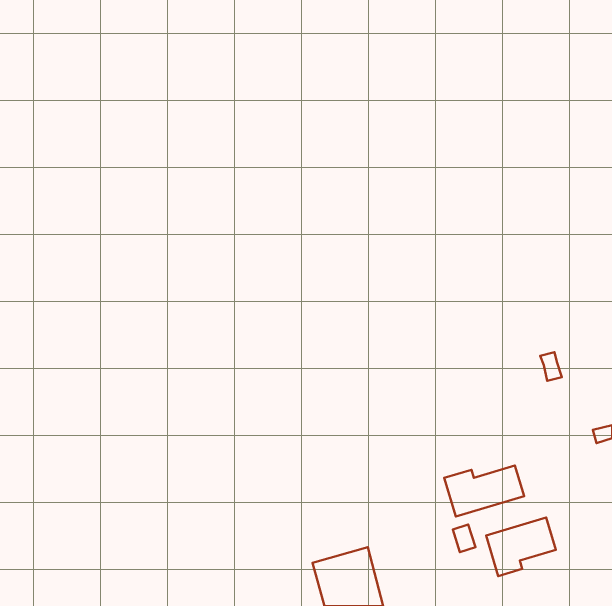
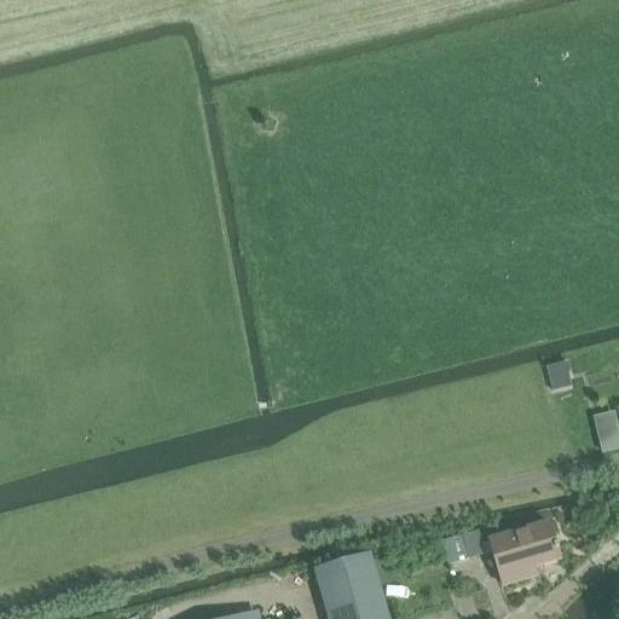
building: [444,465,524,516] -> none

